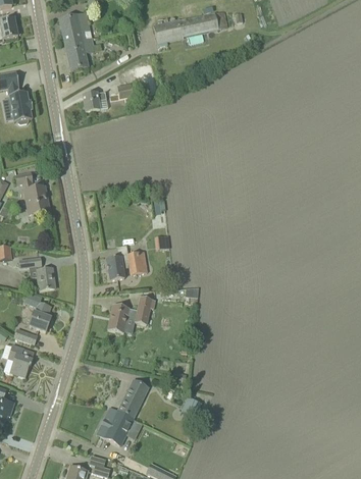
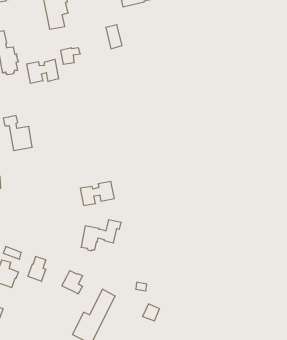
building: none -> [27,59,59,83]
building: [18,258,54,289] -> none
building: [29,302,50,331] -> [28,257,46,281]
building: none -> [62,271,83,294]

